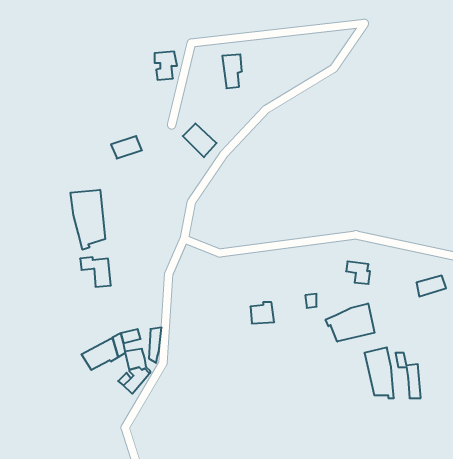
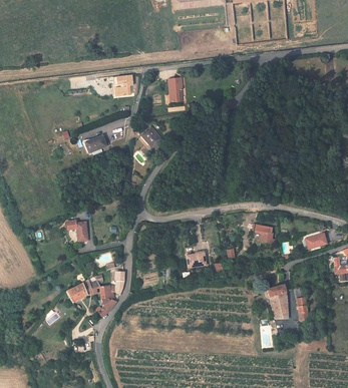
building: [71,190,105,250] -> none
building: [326,303,375,342] -> none

